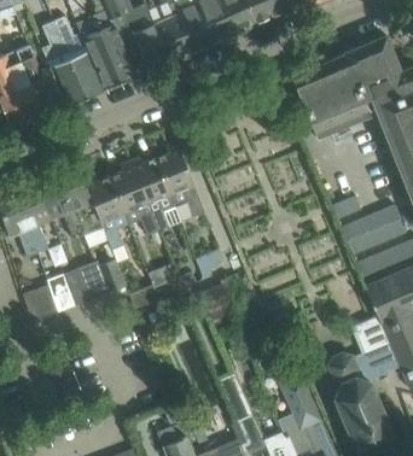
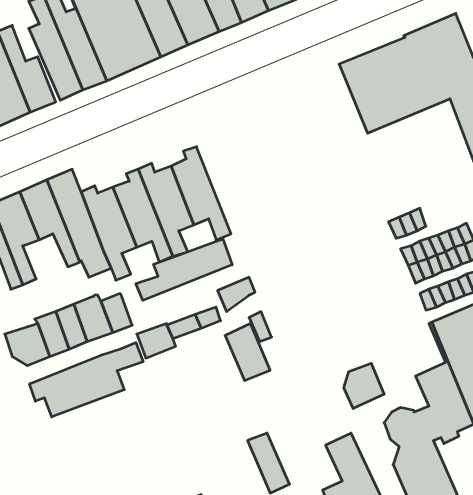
building: none -> [136,239,232,300]
building: none -> [30,343,143,417]
building: none -> [344,363,384,409]

